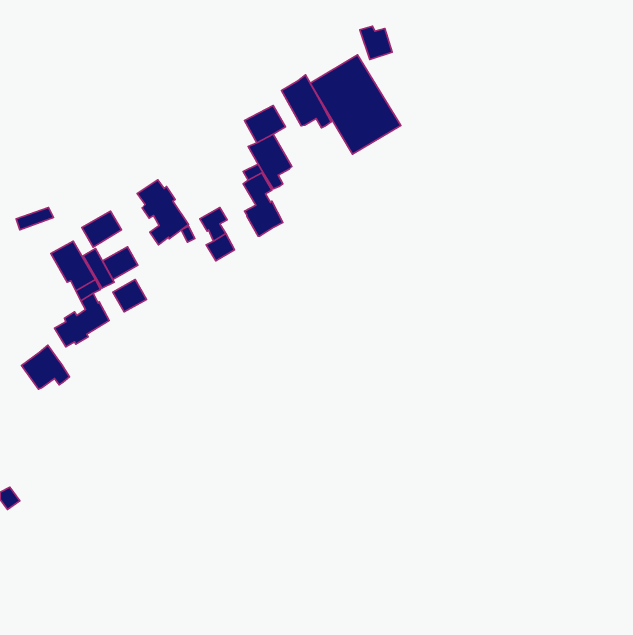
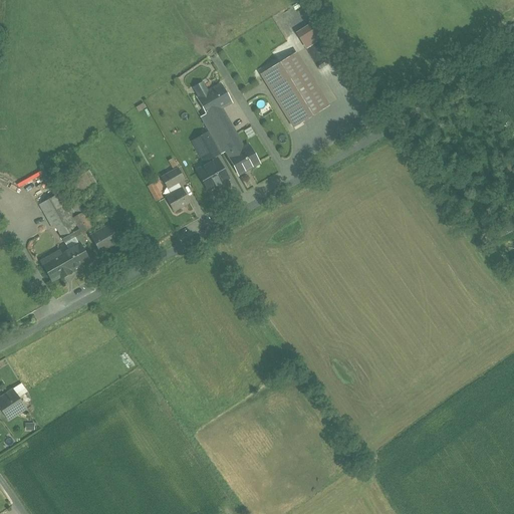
building: [281,75,331,128] -> none
building: none -> [226,137,259,174]
building: [137,180,188,245] -> none
building: [102,247,138,279] -> none
building: [22,345,70,389] -> none

